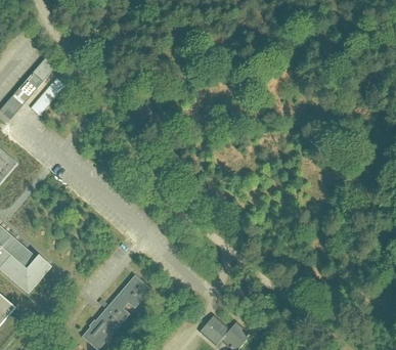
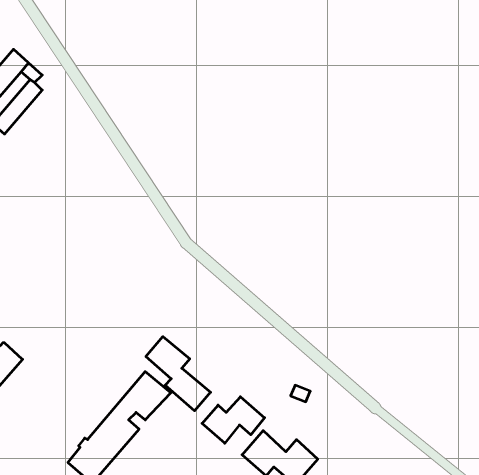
building: none -> [146,337,211,411]
building: none -> [202,397,265,443]

